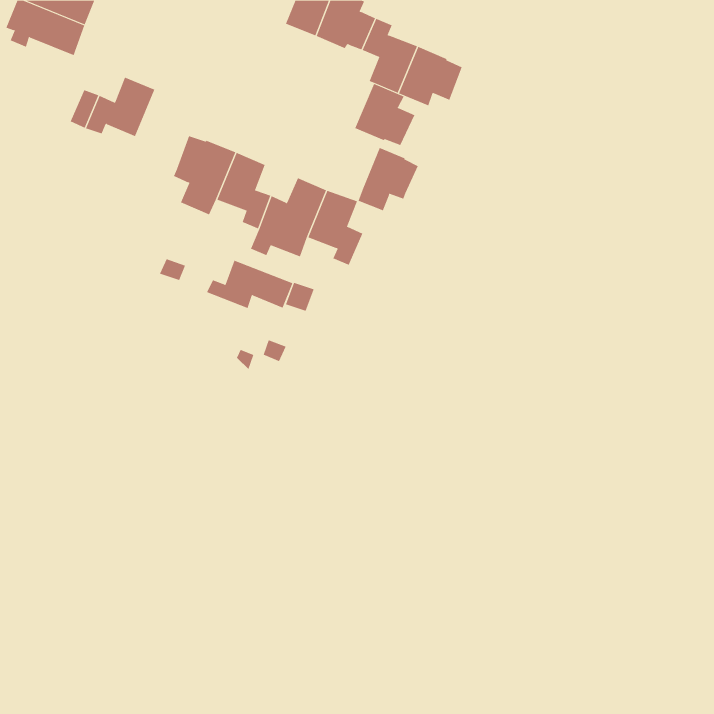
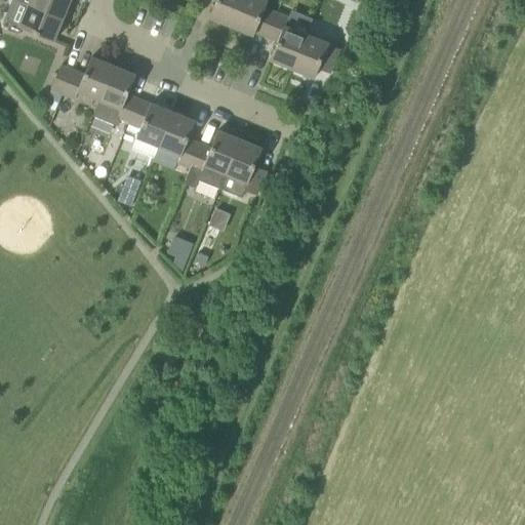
building: [354,83,415,146] -> none
building: none -> [93,66,138,125]
building: [358,147,418,211] -> none
building: [206,260,293,309] -> none

